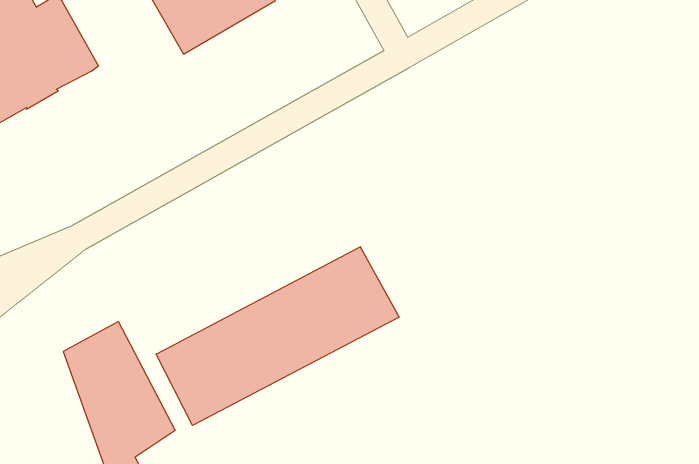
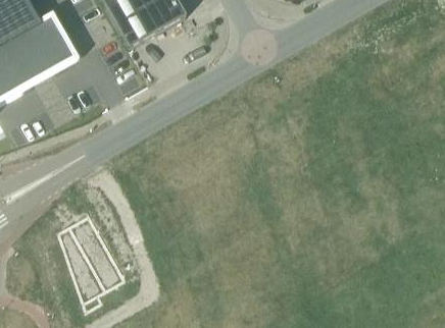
building: [156,247,399,425] -> none

